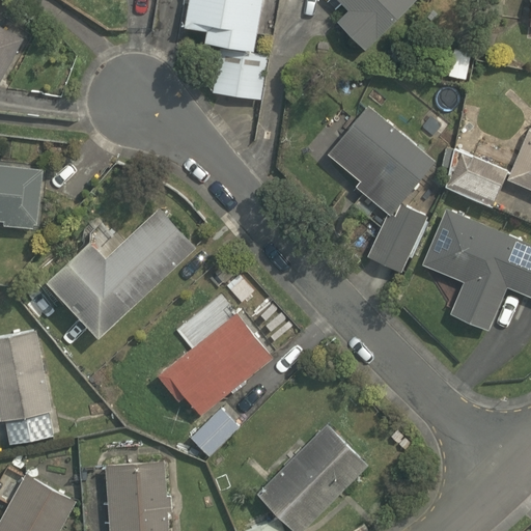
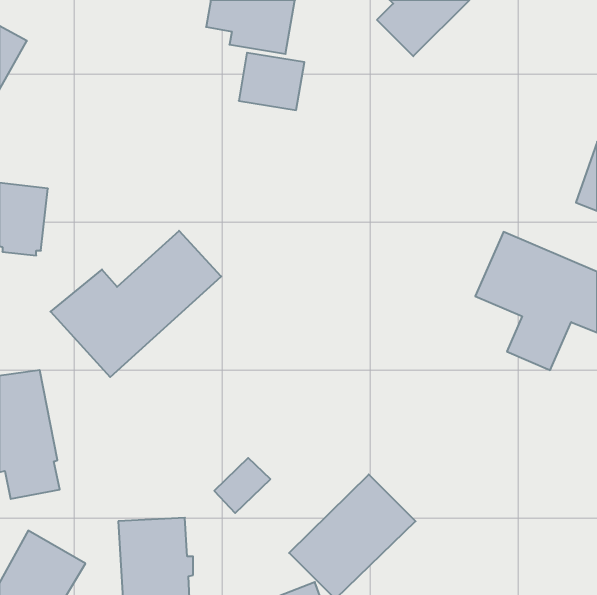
building: [326,105,435,273] -> none
building: [443,152,507,209] -> none
building: [157,313,273,416] -> none

